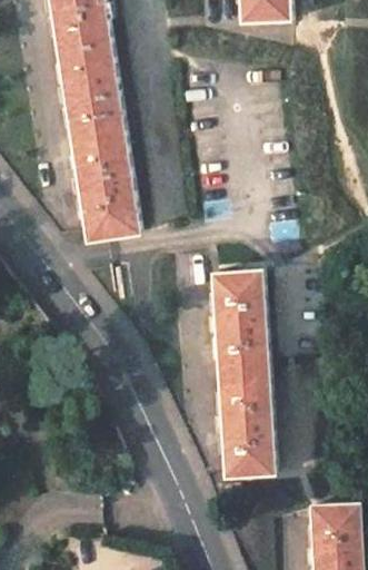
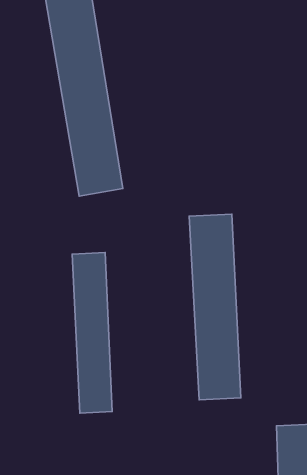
building: none -> [72,253,112,413]

